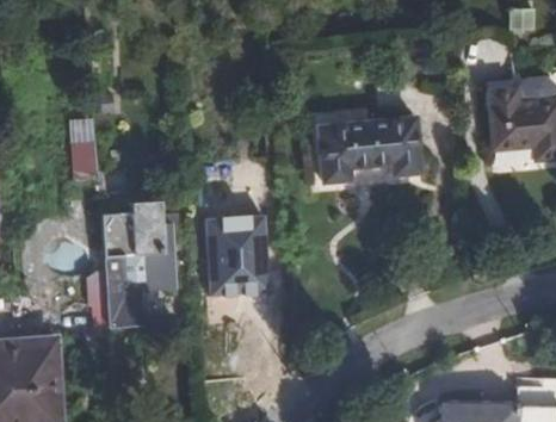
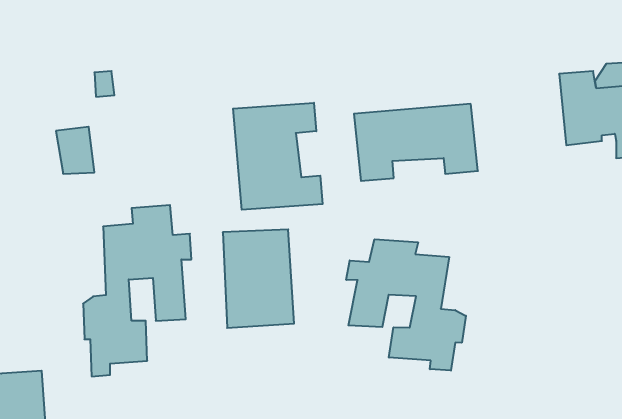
building: none -> [233,103,323,210]
building: none -> [346,239,466,371]

